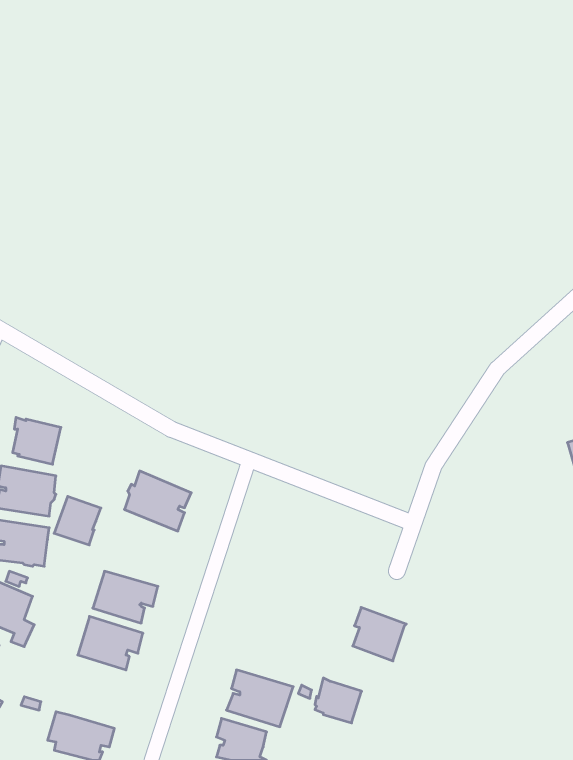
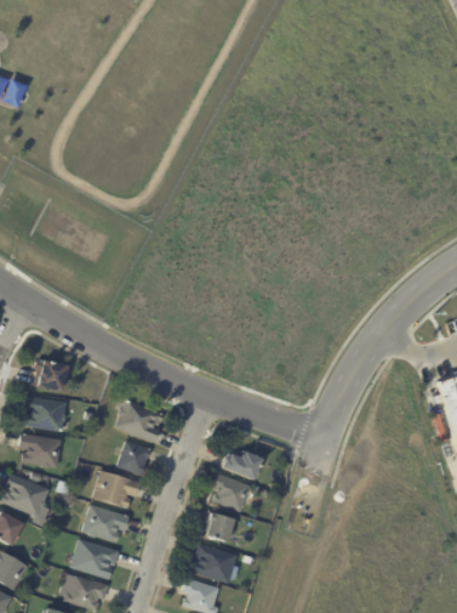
building: [54,496,101,545] -> [116,439,150,475]
building: none -> [223,452,263,481]
building: [353,607,406,661] -> [213,473,252,512]
building: none -> [70,538,120,579]
building: [315,678,362,723] -> [202,510,236,543]

